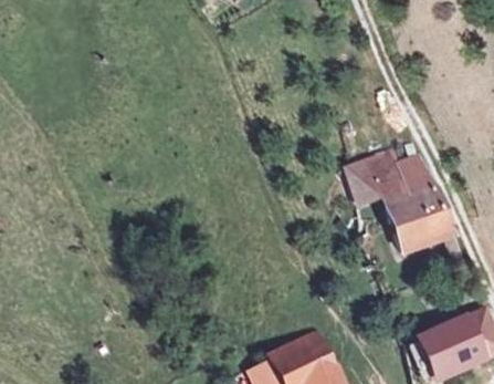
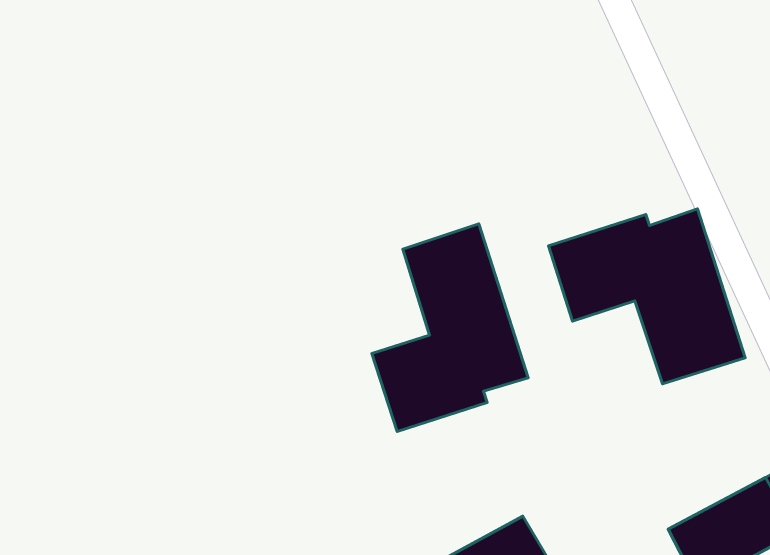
building: none -> [372,224,528,431]

